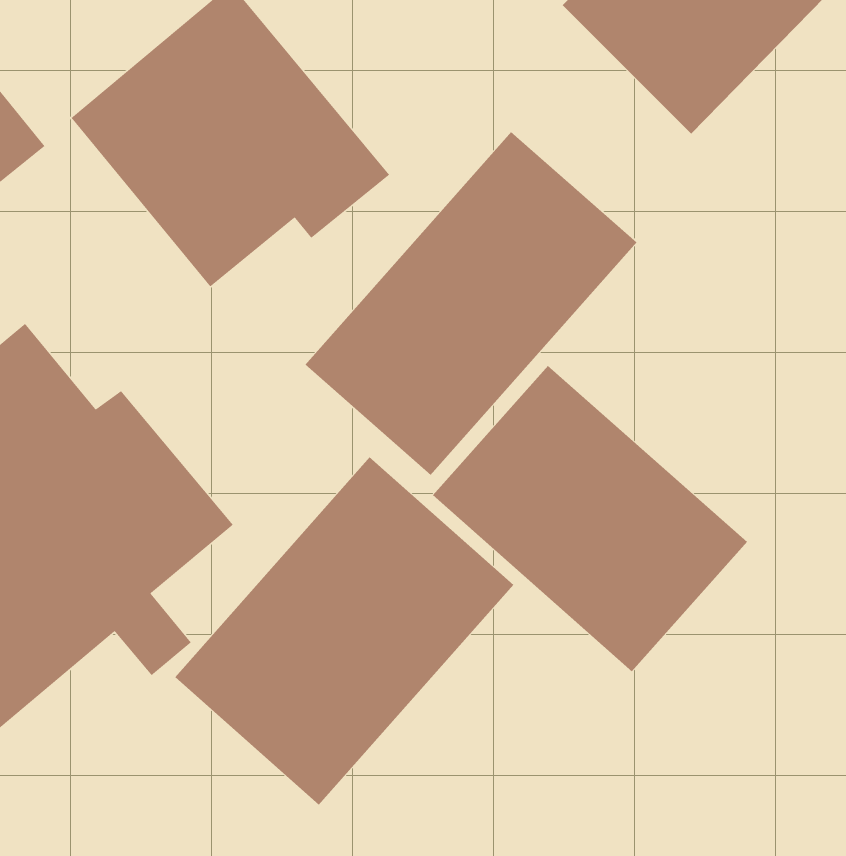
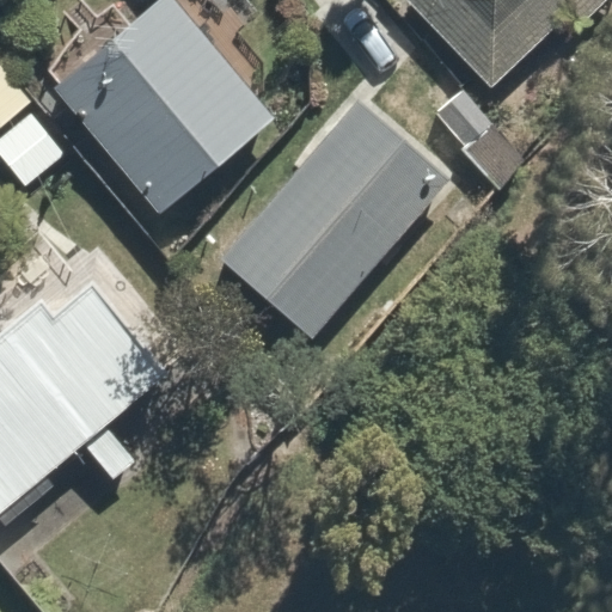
building: [432,365,748,672] -> none
building: [174,457,514,806] -> none

